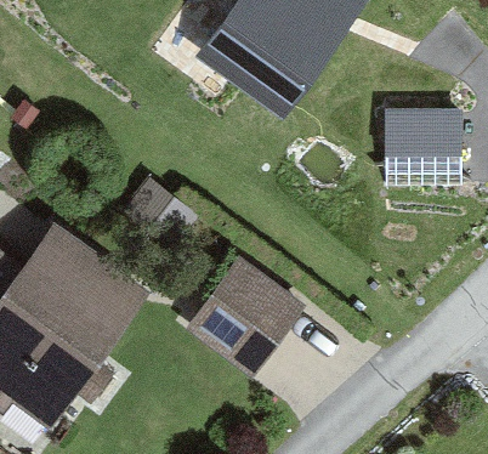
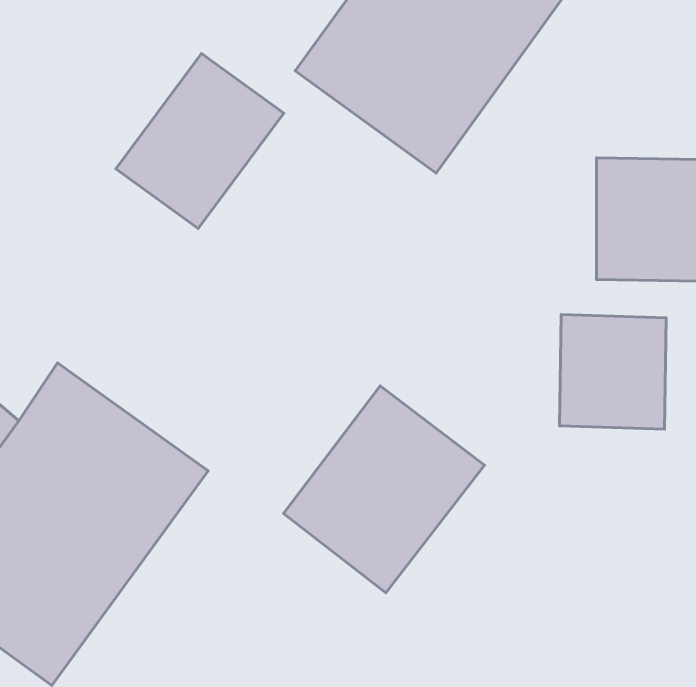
building: none -> [116,53,284,229]
building: none -> [560,314,666,429]

